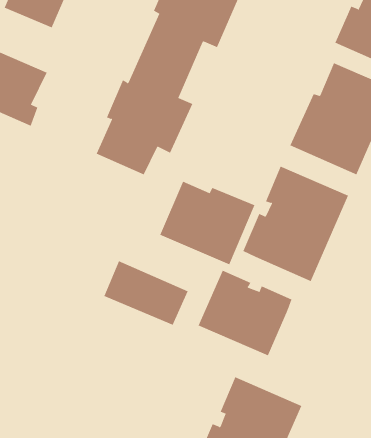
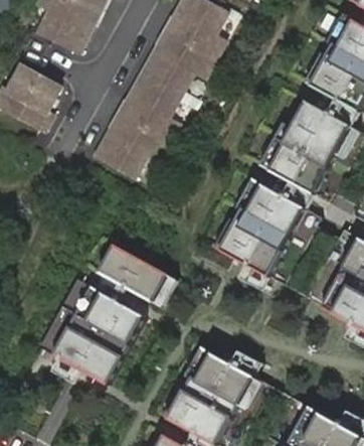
building: [159,181,255,265] -> none
building: [198,270,292,356] -> none
building: none -> [49,287,143,386]

